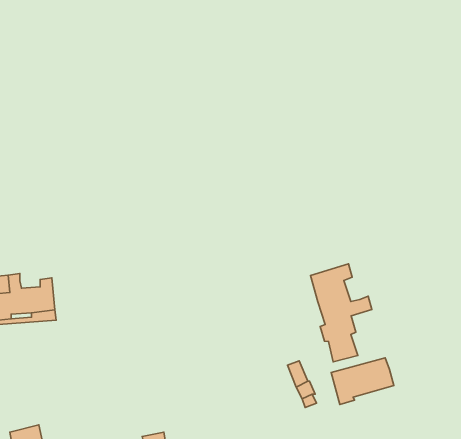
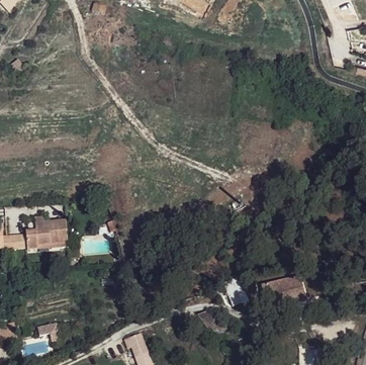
building: [311,264,372,362] -> none

